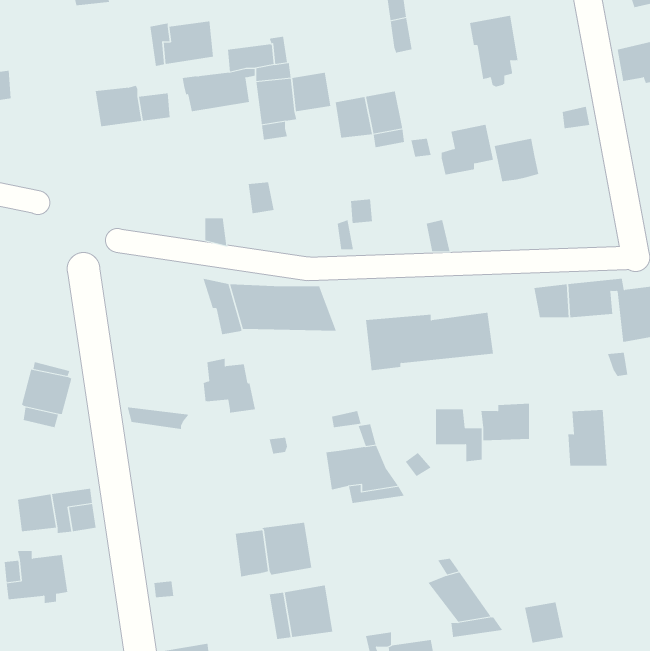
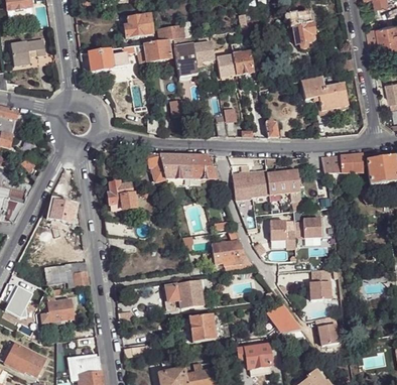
building: [441,124,494,175] -> [318,82,347,109]
building: [203,358,256,413] -> [109,180,137,210]
building: [568,409,607,466] -> [309,268,330,298]

